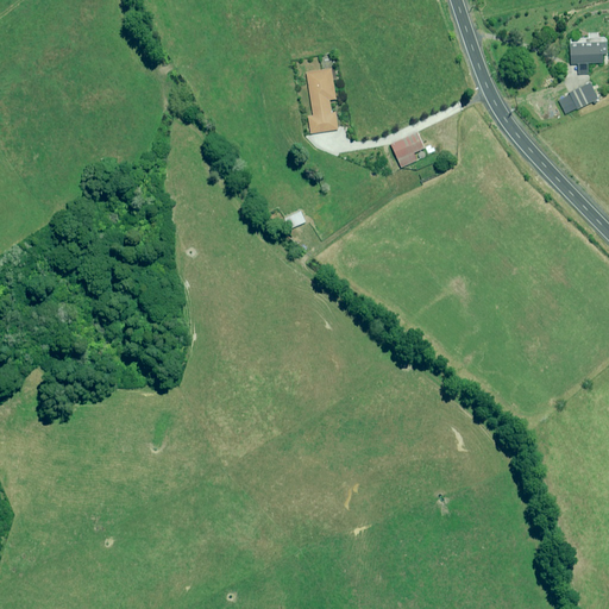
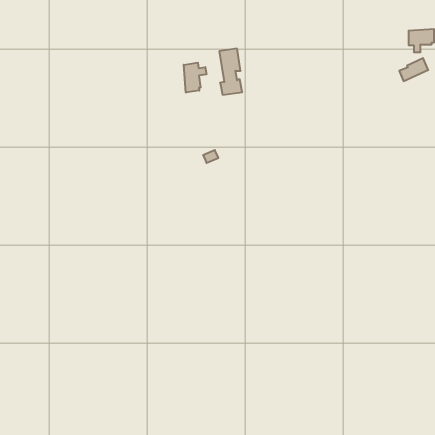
building: none -> [184,63,206,93]
building: [390,131,425,167] -> none

